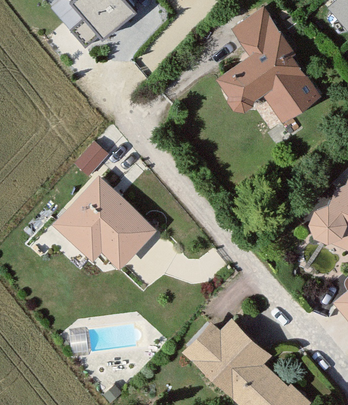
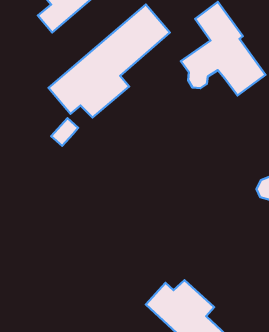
building: none -> [49,5,170,117]
building: [61,180,154,262] -> none

